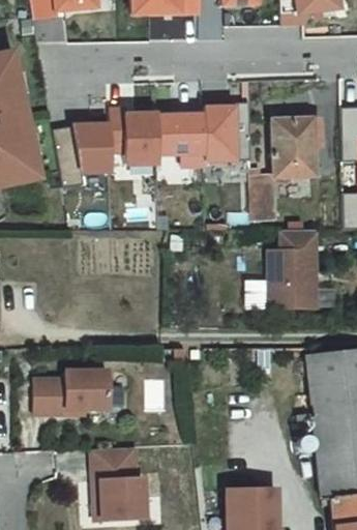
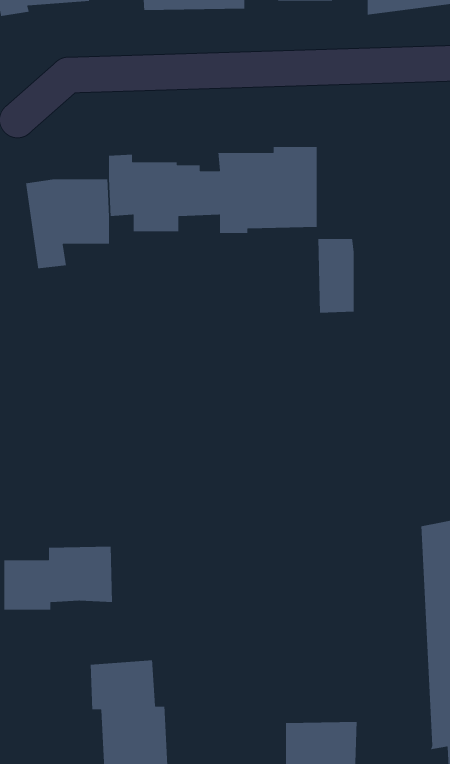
building: [271,117,309,175] -> none
building: [266,229,313,306] -> none

